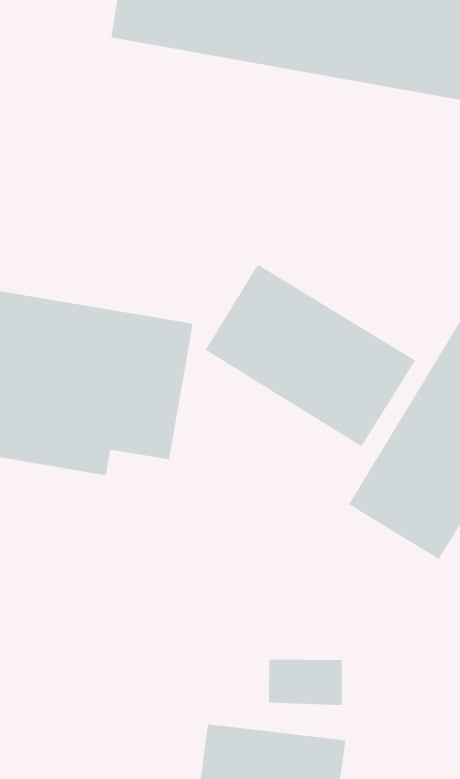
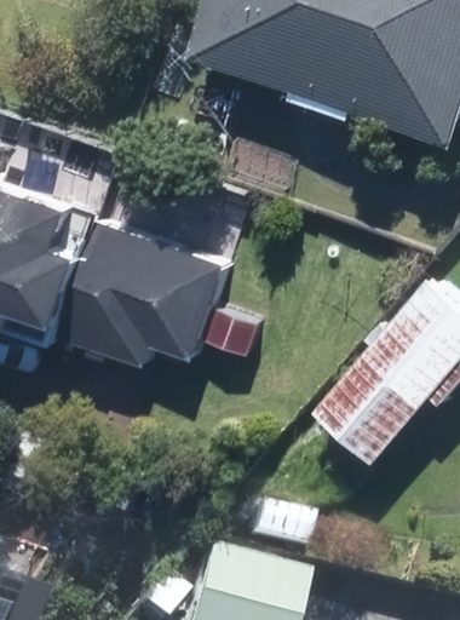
building: [205,264,416,447] -> none

